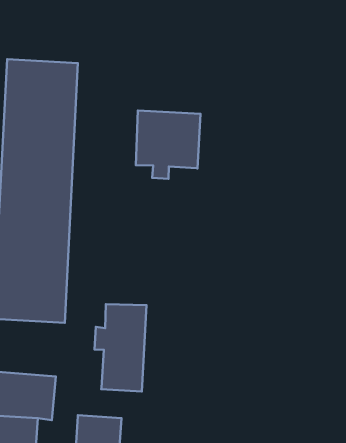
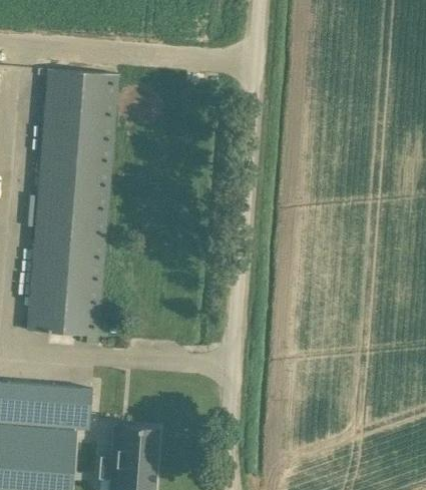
building: [136,111,200,179] -> none
building: [94,304,146,391] -> none

